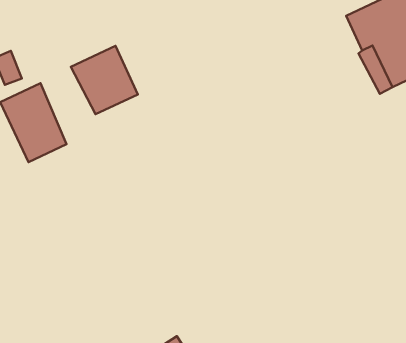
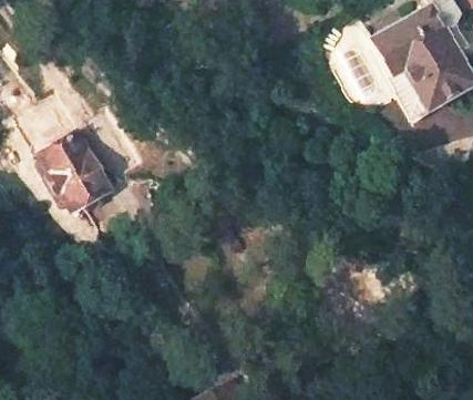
building: [71,46,138,114] -> none

